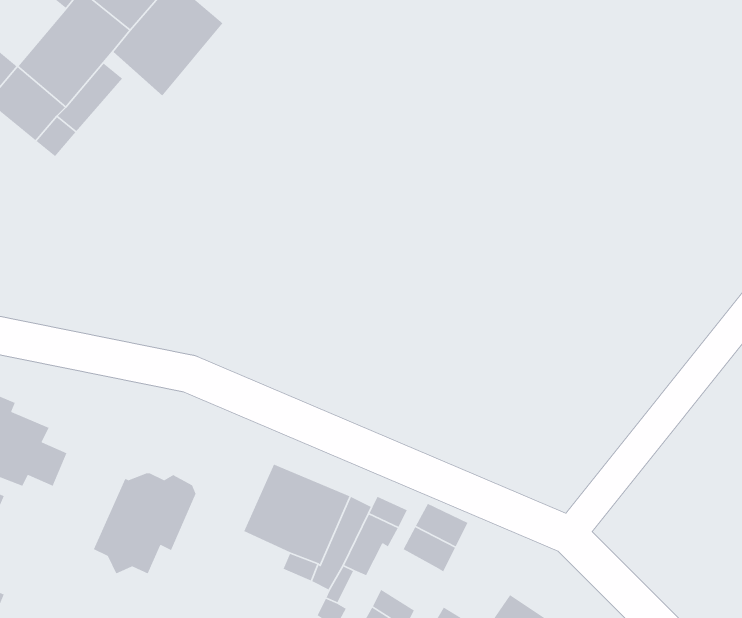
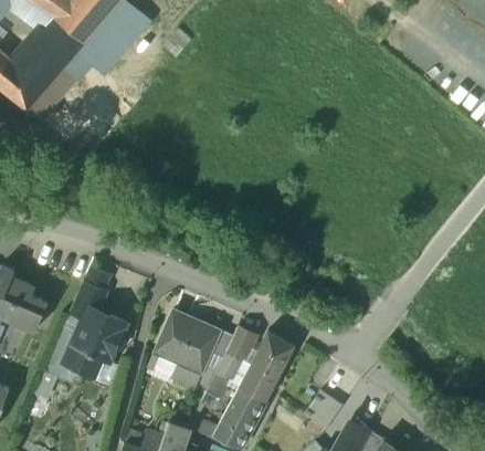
building: none -> [68,283,106,321]
building: none -> [240,363,275,400]

